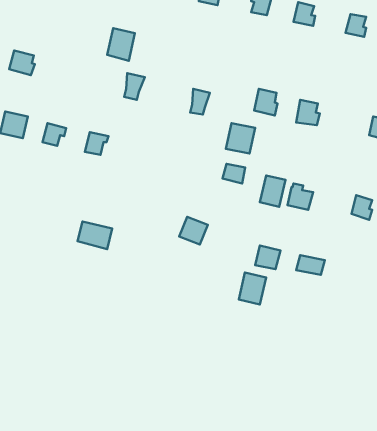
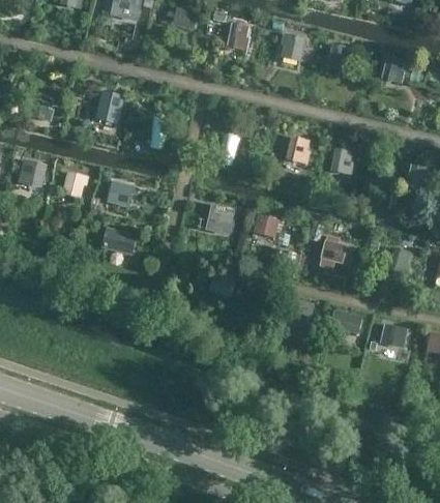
building: [107,28,135,61] -> [96,91,125,125]
building: [226,123,255,154] -> [205,204,236,236]
building: [260,175,285,207] -> none
building: [78,222,112,249] -> [101,228,138,257]
building: none -> [380,324,409,350]
building: [239,272,266,304] -> none

